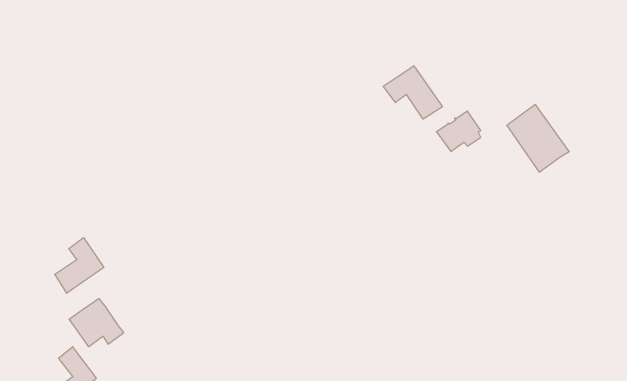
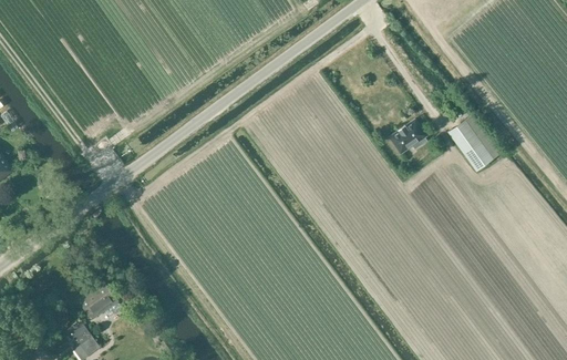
building: [383,66,442,119] -> none
building: [55,238,104,293] -> none

